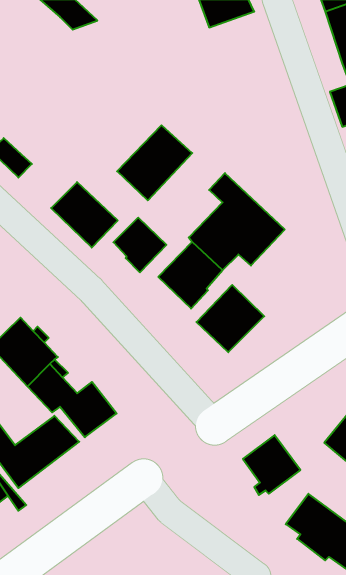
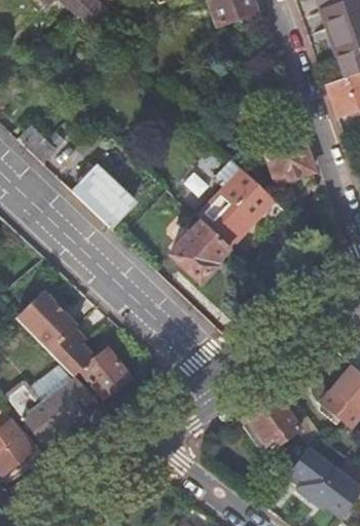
building: [117,125,192,200] -> none
building: none -> [263,135,313,183]
building: [113,218,166,272] -> none
building: [196,285,264,352] -> none

